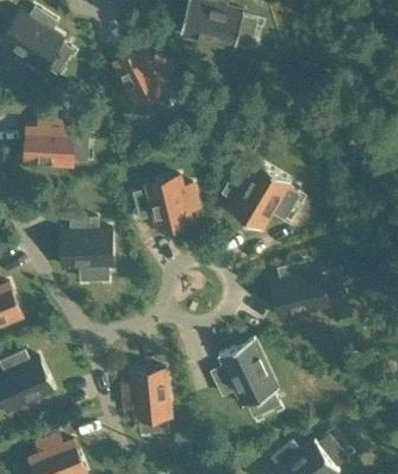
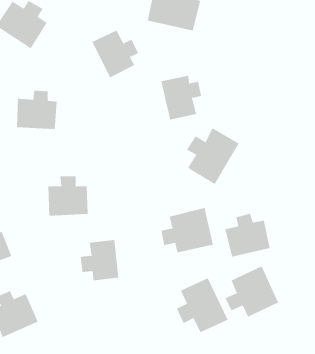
building: [148,179,197,232] -> [161,75,202,120]
building: none -> [161,207,214,253]
building: none -> [225,266,279,317]
building: [123,372,169,420] -> [80,239,119,281]

